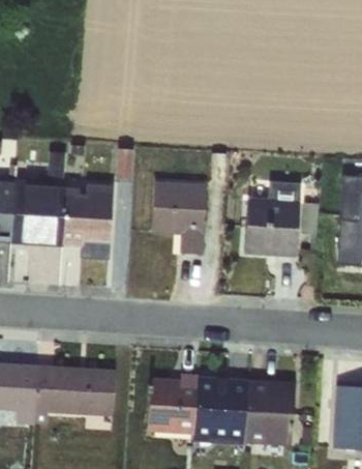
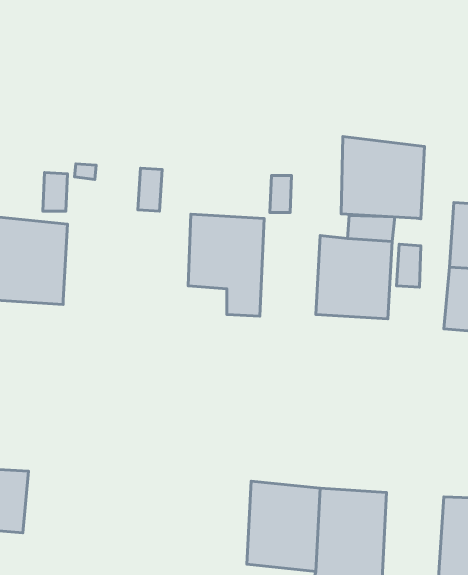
building: none -> [341,137,425,219]
building: [62,184,112,258] -> none
building: [32,365,115,426] -> none
building: [146,374,198,434] -> none

